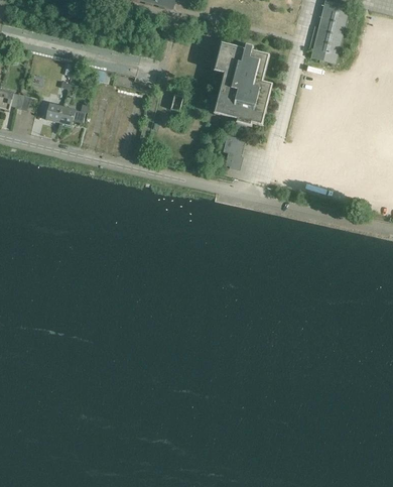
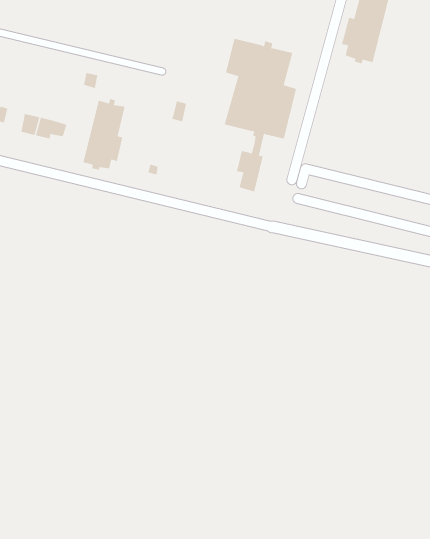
building: none -> [83,98,125,170]

